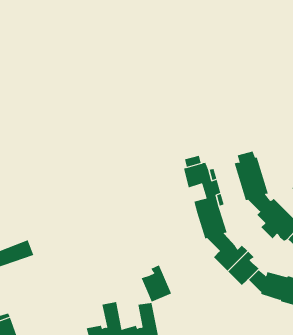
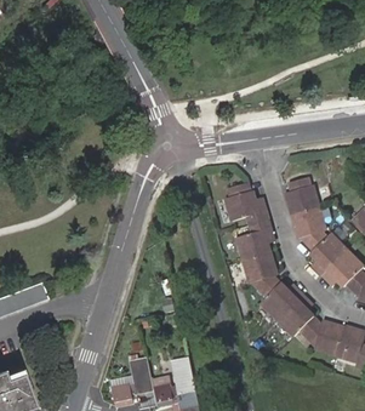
building: [141,265,172,303] -> none

